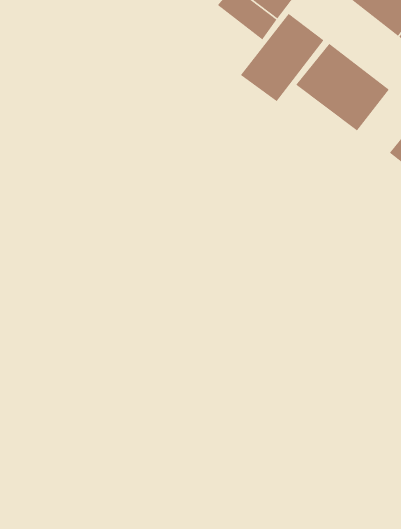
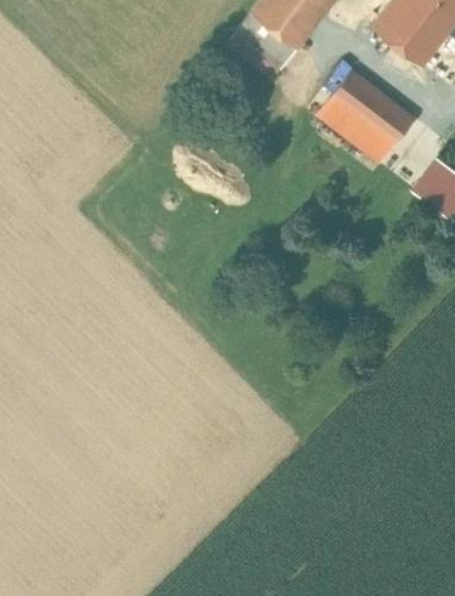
building: [240,13,325,102] -> none

